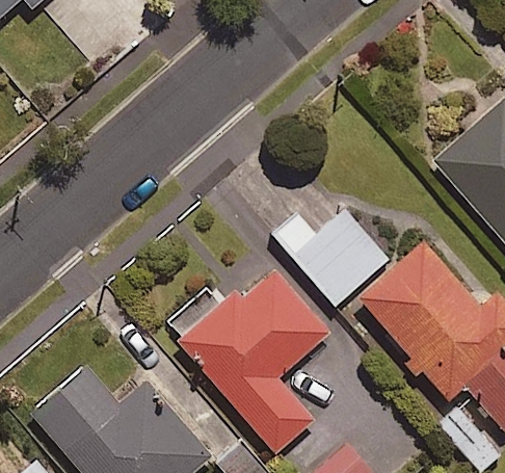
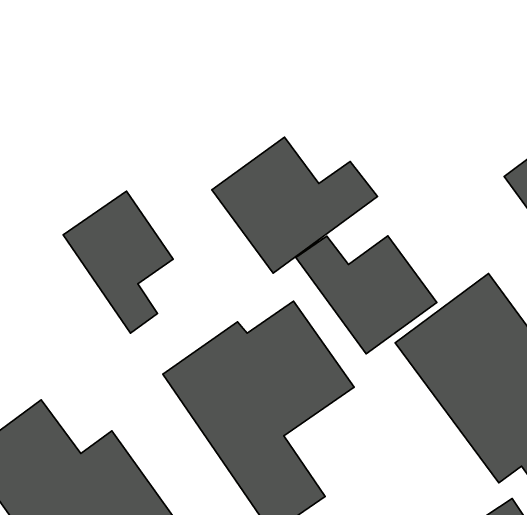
building: none -> [212,137,378,273]
building: none -> [63,191,173,333]

